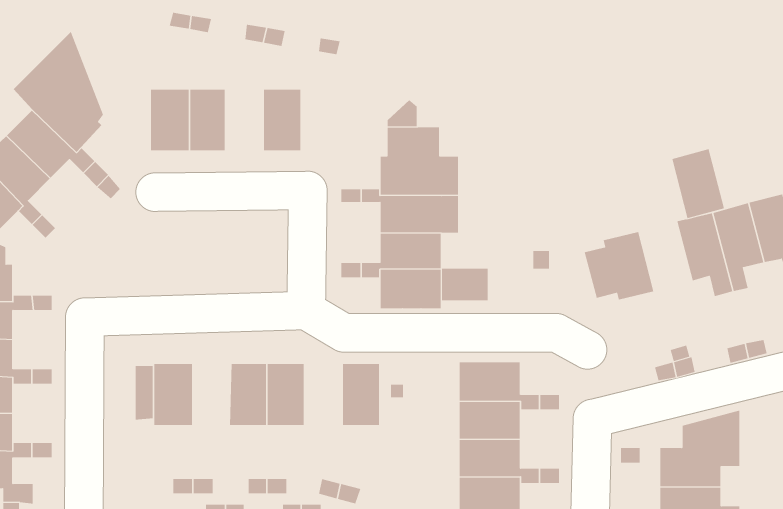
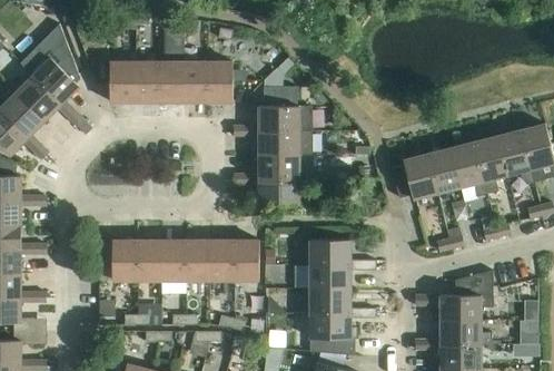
building: none -> [158,61,182,101]
building: none -> [207,61,233,101]
building: [672,149,725,219] -> [426,147,461,193]
building: [442,268,488,301] -> none
building: none -> [137,240,161,280]
building: none -> [209,240,234,280]

